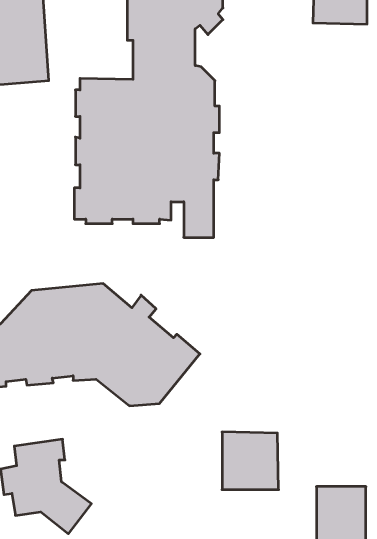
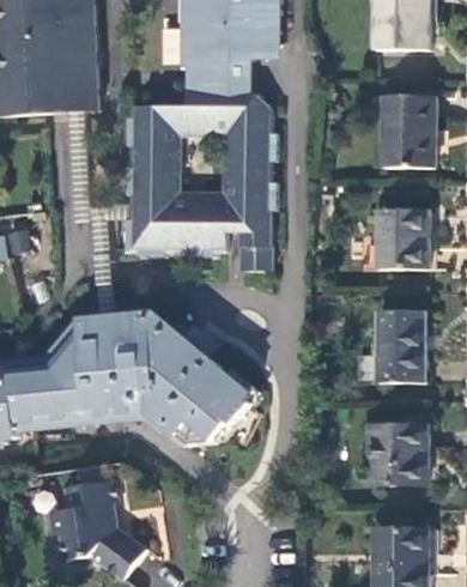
building: none -> [381,95,433,167]
building: none -> [376,207,427,268]
building: none -> [376,310,425,382]
building: [222,432,279,490] -> [369,424,427,484]

